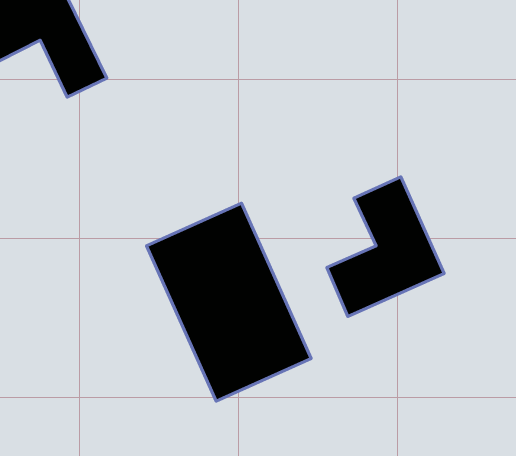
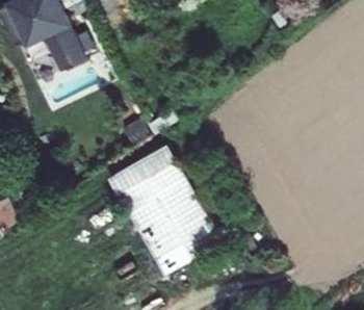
building: [327,177,444,316] -> none

